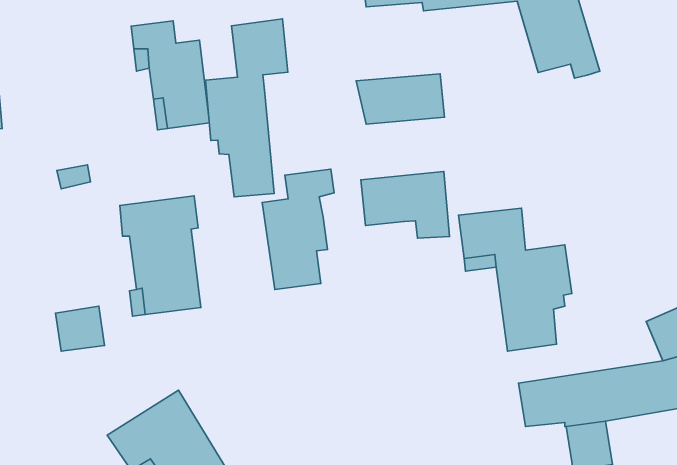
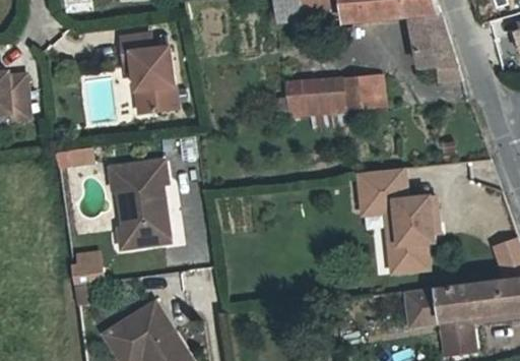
building: [206,19,288,197] -> none
building: none -> [345,71,386,106]
building: [262,169,334,290] -> none
building: [361,172,450,238] -> none

